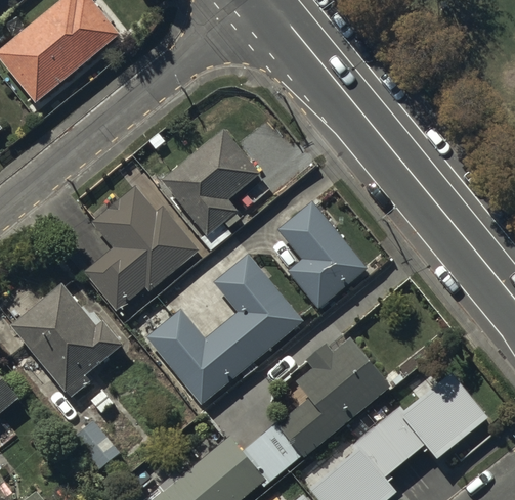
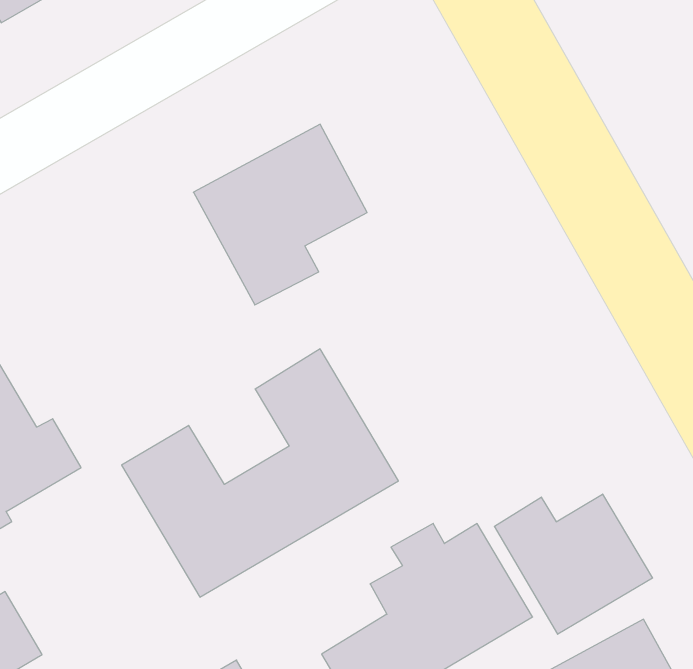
building: [85,185,198,310] -> none
building: [276,201,366,308] -> none
building: none -> [494,494,653,634]

